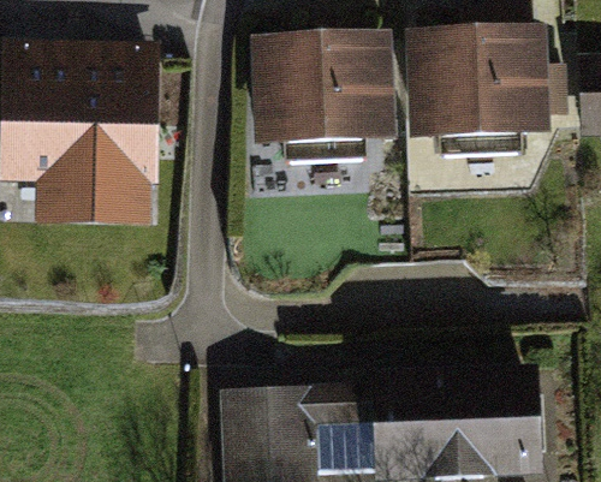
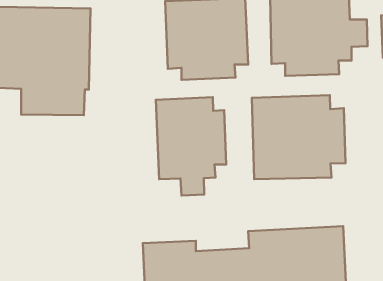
building: none -> [252,95,345,179]
building: none -> [156,97,226,195]

